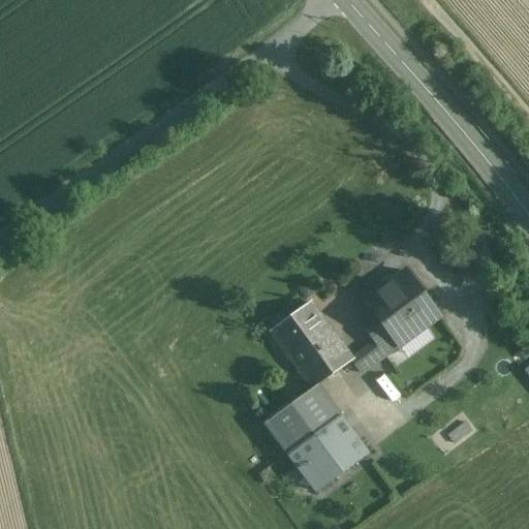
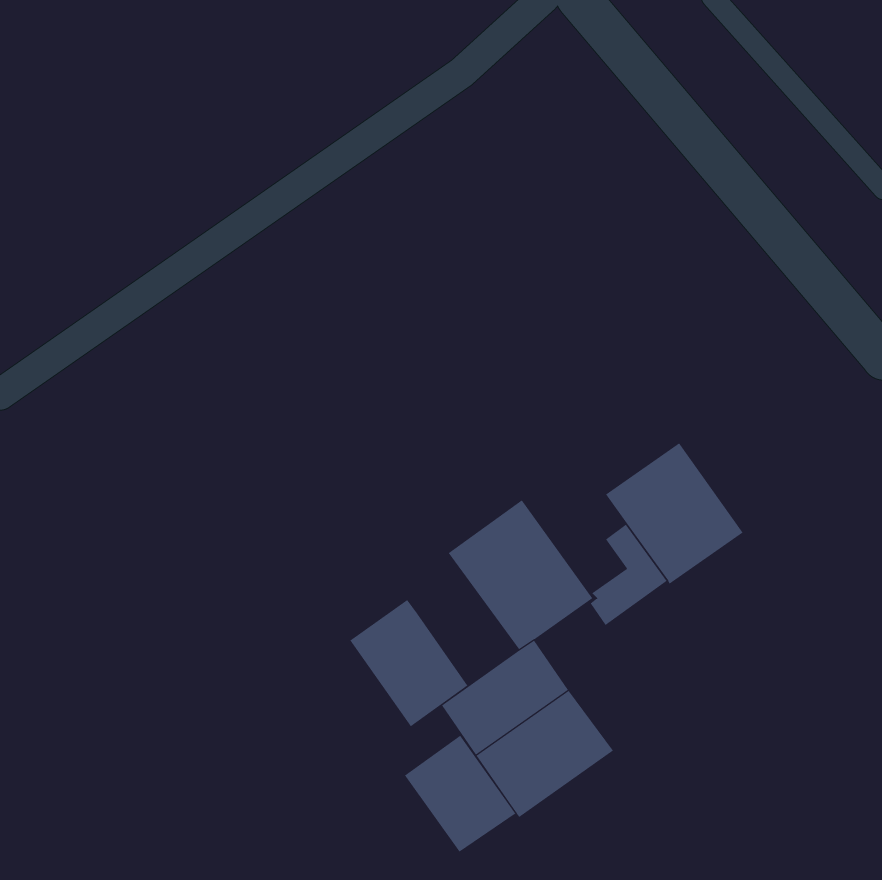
building: none -> [350,599,468,727]
building: none -> [404,735,516,852]

